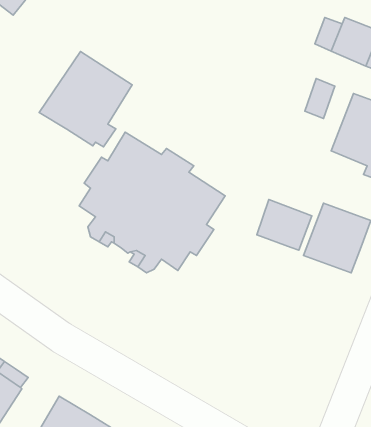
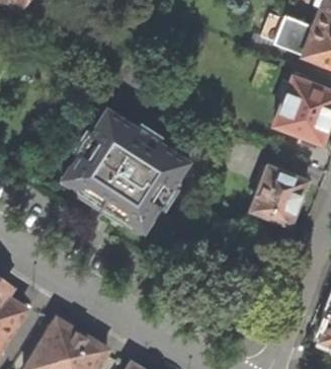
building: [39,52,132,147] -> none
building: [257,200,312,250] -> none

